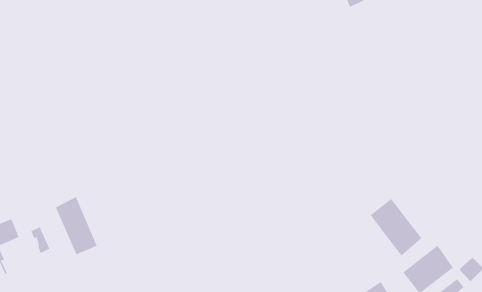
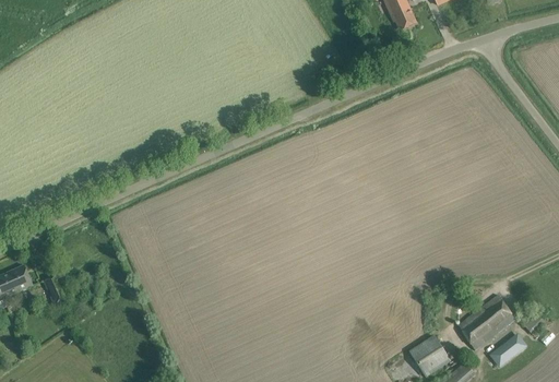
building: [55,196,98,255] -> none
building: [370,198,422,256] -> none

